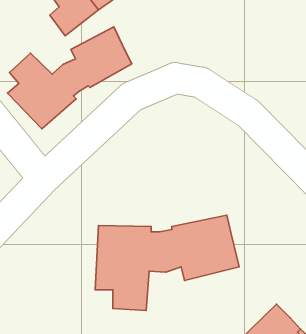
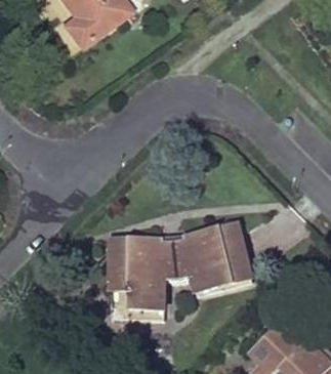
building: [7,27,132,129] -> none

